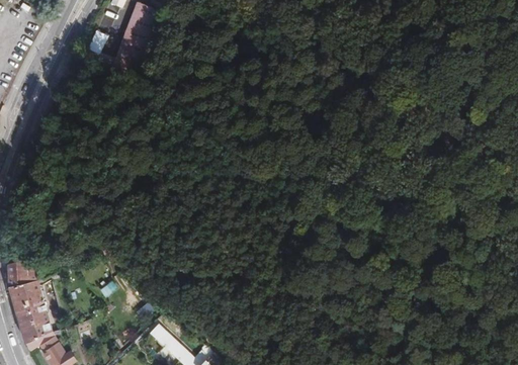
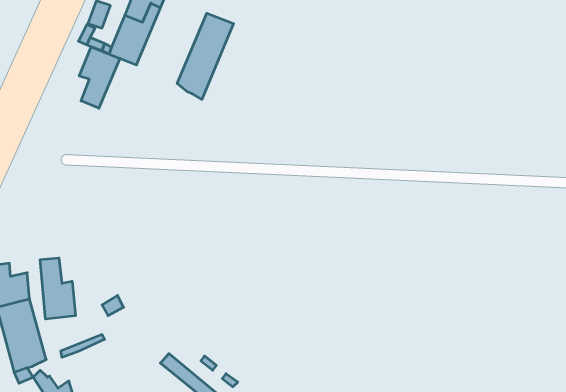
building: none -> [177,13,234,99]
building: none -> [79,47,120,108]
building: none -> [40,258,75,319]

